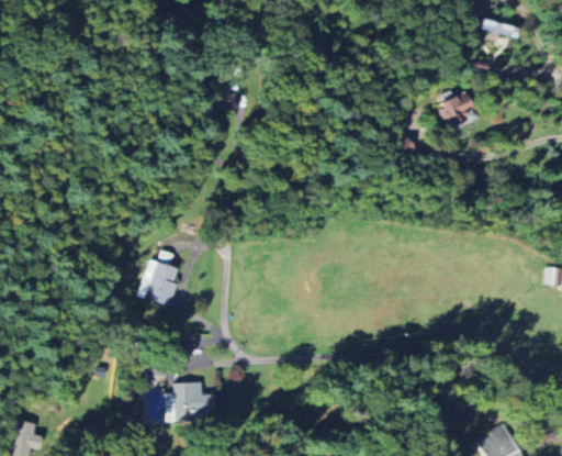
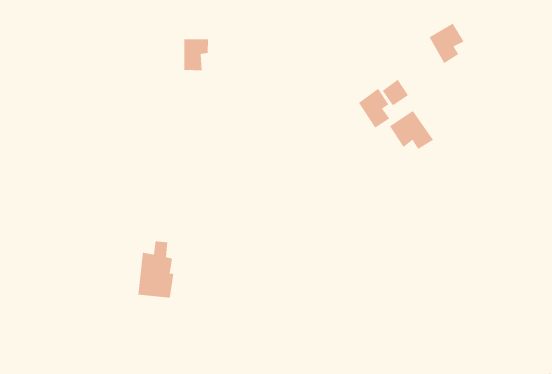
building: none -> [358,88,390,129]
building: none -> [389,110,434,150]

